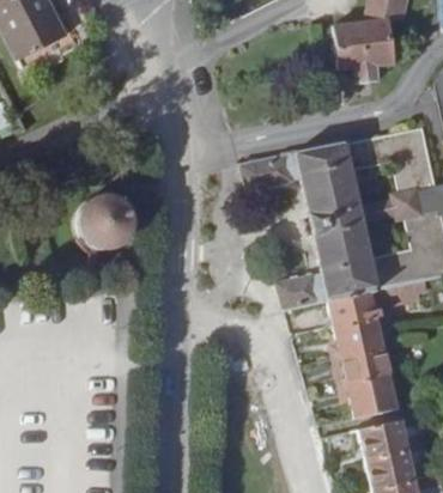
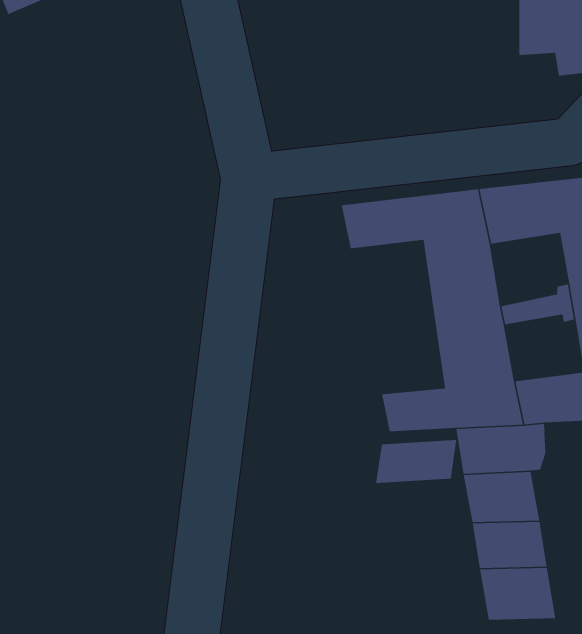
building: [71,202,125,256] -> none
building: none -> [375,439,457,484]

